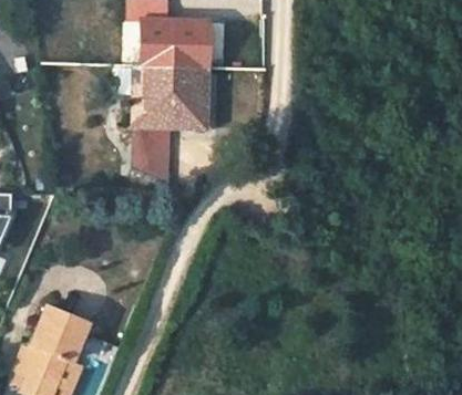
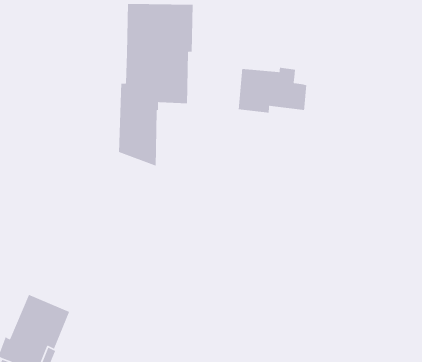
building: none -> [238,67,307,113]

